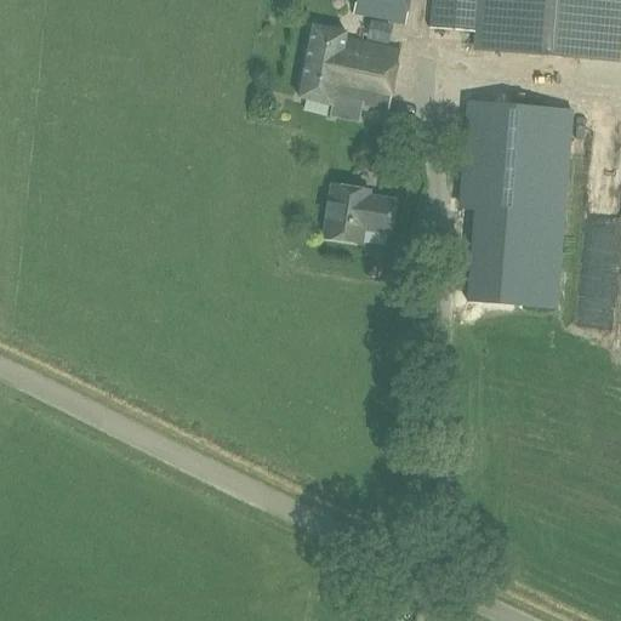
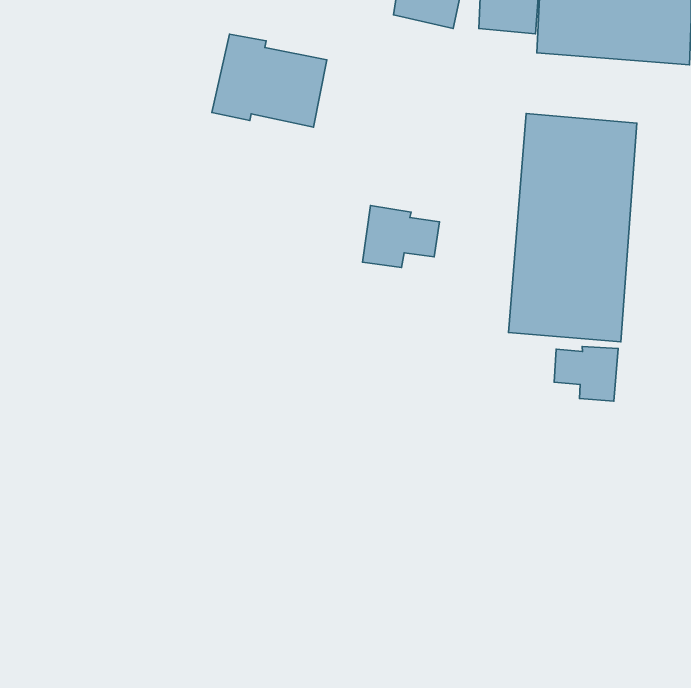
building: [298,25,401,109] -> [212,34,327,127]
building: none -> [554,346,618,401]

